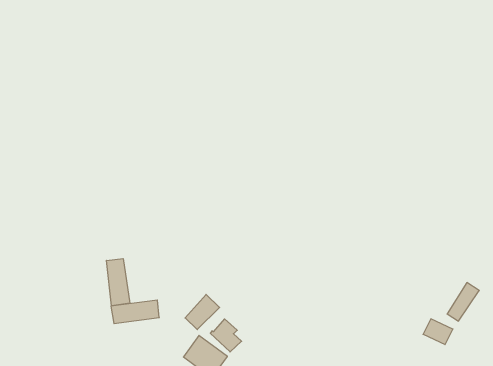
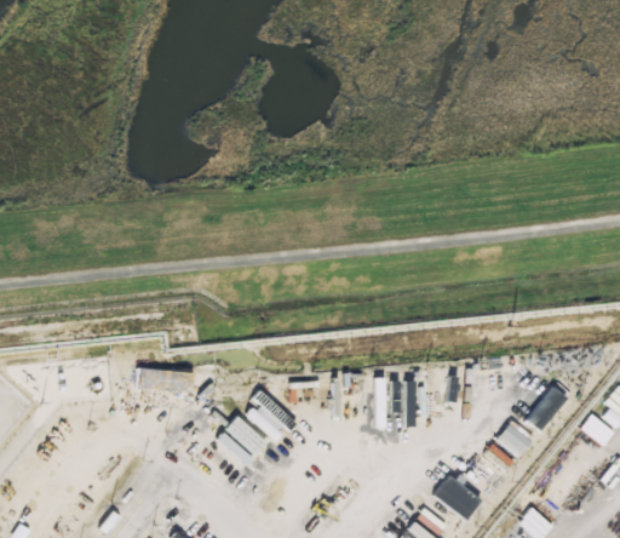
building: [106,259,130,306] -> none
building: [185,294,220,330] -> none

